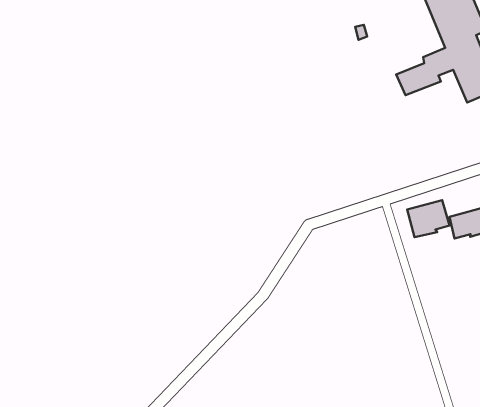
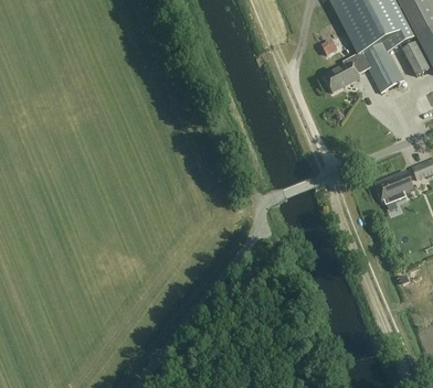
building: [407,200,450,237] -> none

